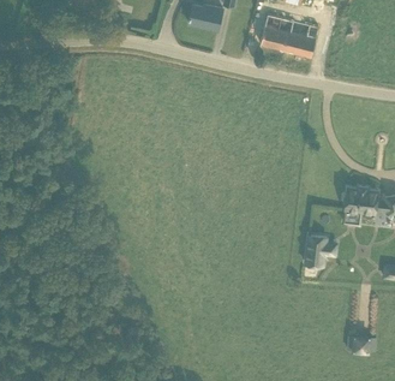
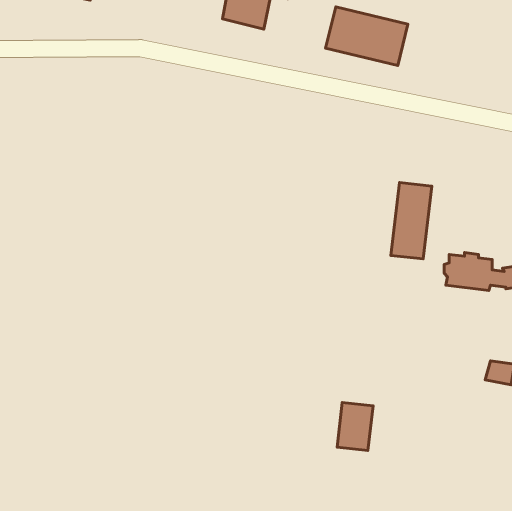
building: none -> [391,183,432,259]
building: [303,234,328,268] -> [337,402,373,451]

